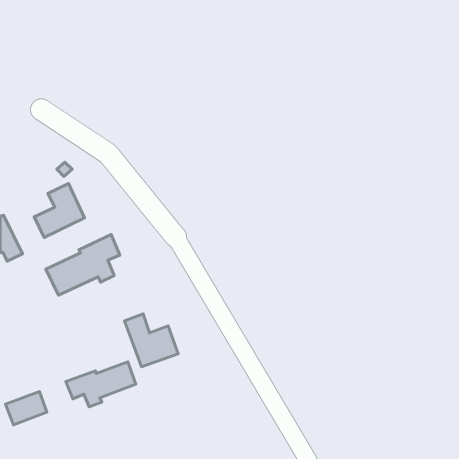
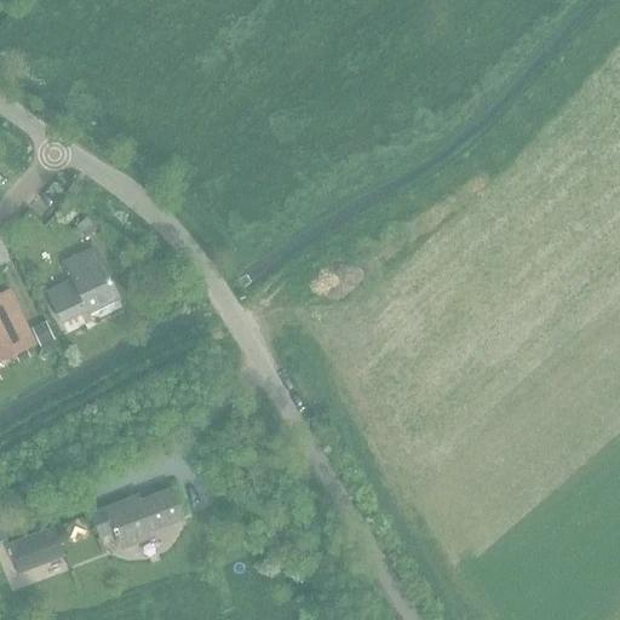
building: [46,234,120,295] -> none
building: [125,314,178,367] -> none

